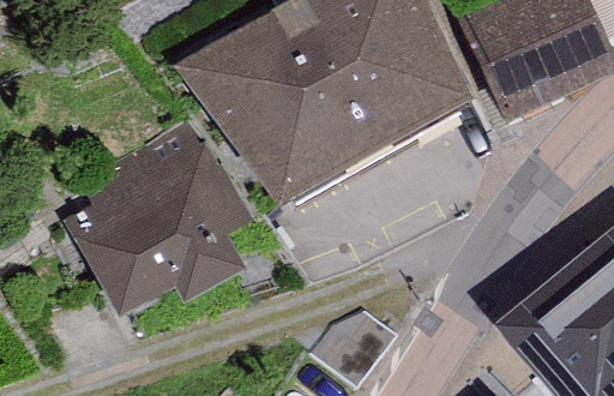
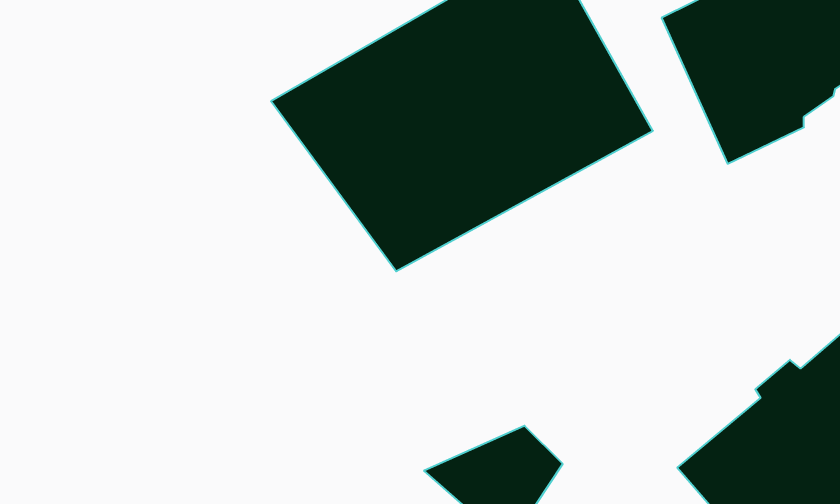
building: [95,155,260,306] -> none

